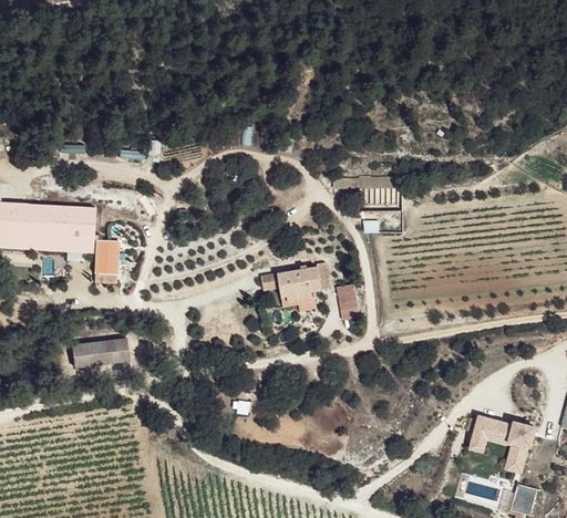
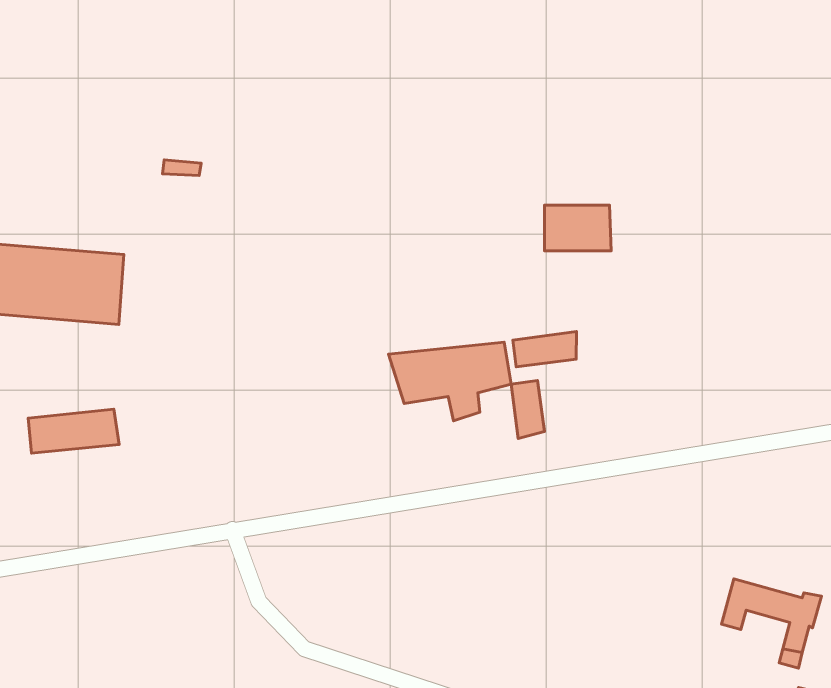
building: [93,241,118,274] -> none
building: none -> [513,332,577,367]
building: [71,341,128,369] -> [28,409,119,453]

